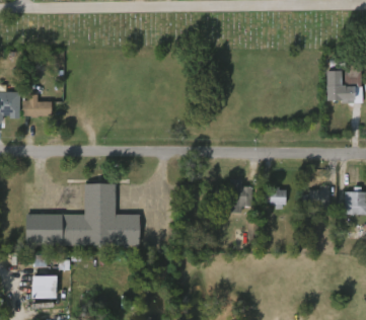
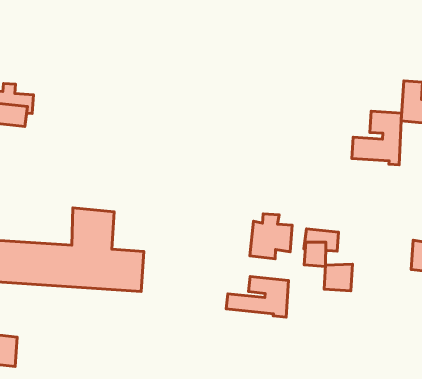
building: none -> [352,111,401,165]
building: [308,188,328,209] -> [324,264,353,291]
building: none -> [226,277,289,317]

